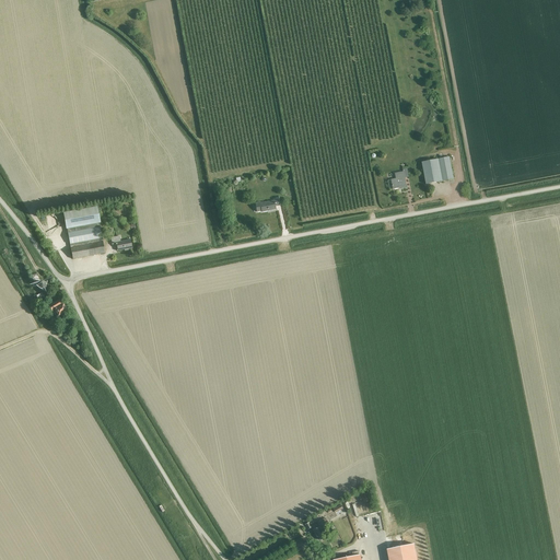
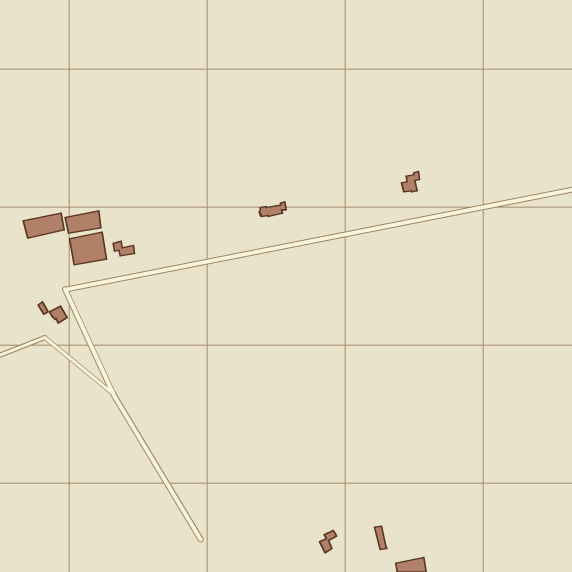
building: [421,156,453,184] -> none
building: none -> [23,213,64,238]

